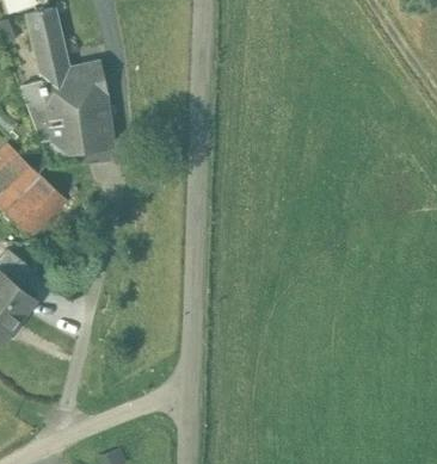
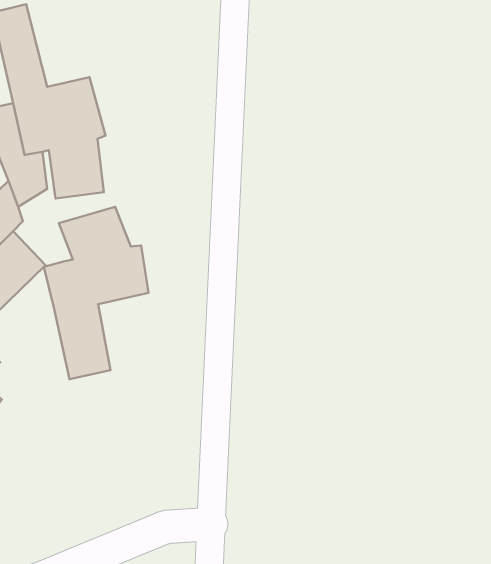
building: none -> [44,207,148,379]

